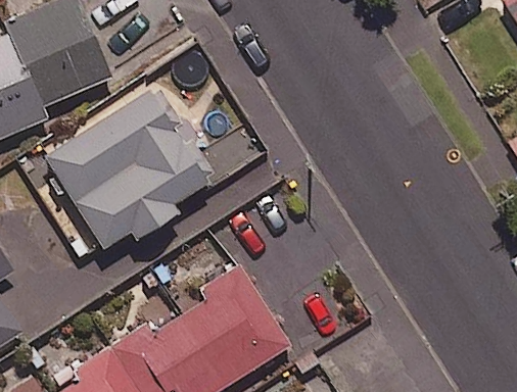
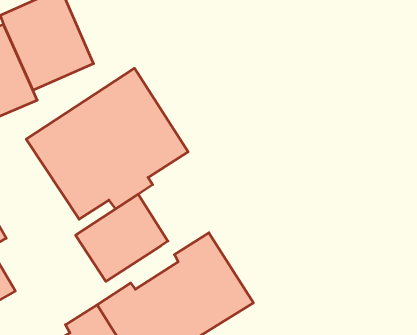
building: none -> [76,194,168,281]

